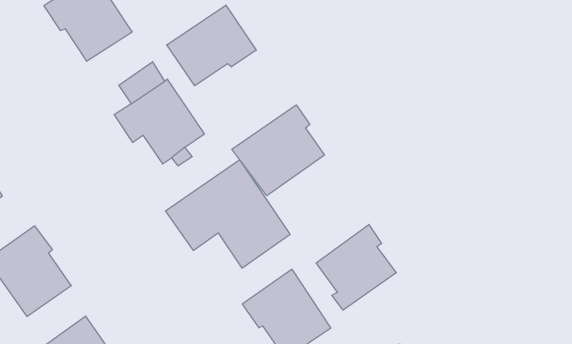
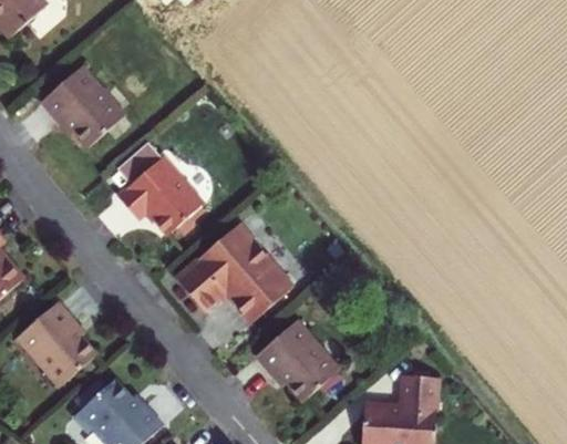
building: [167,5,256,86] -> none
building: [232,105,324,196] -> none
building: [316,224,396,310] -> none

